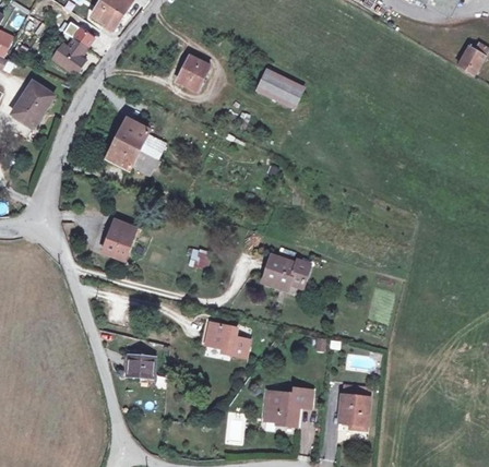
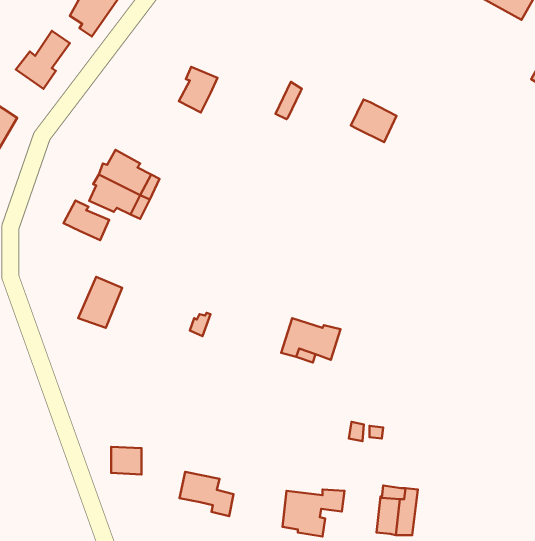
building: [266,74,302,108] -> [351,99,397,142]
building: none -> [64,200,109,240]
building: [204,322,247,357] -> [180,472,233,516]

